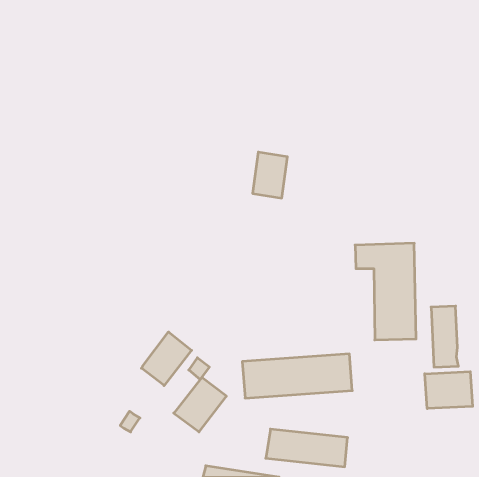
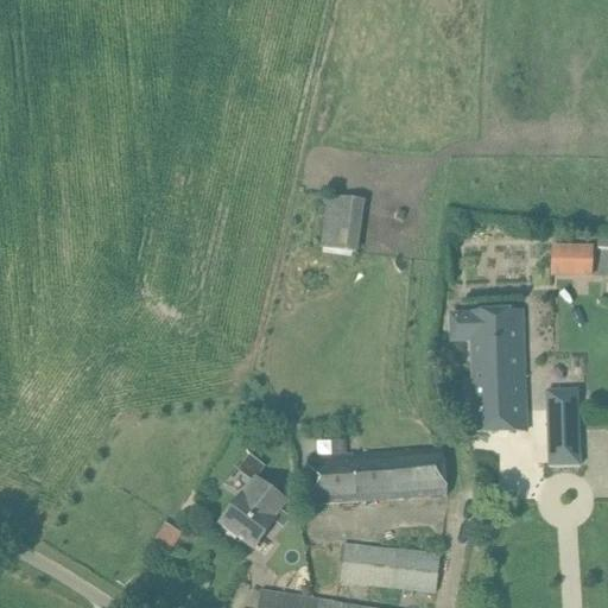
building: none -> [552,242,594,274]
building: [141,332,192,386] -> none
building: [425,372,473,409] -> none

